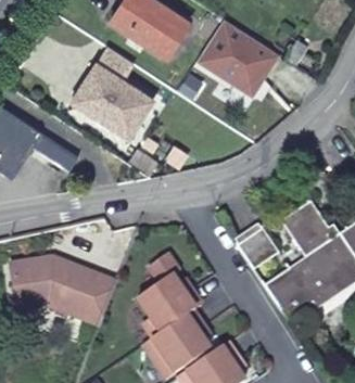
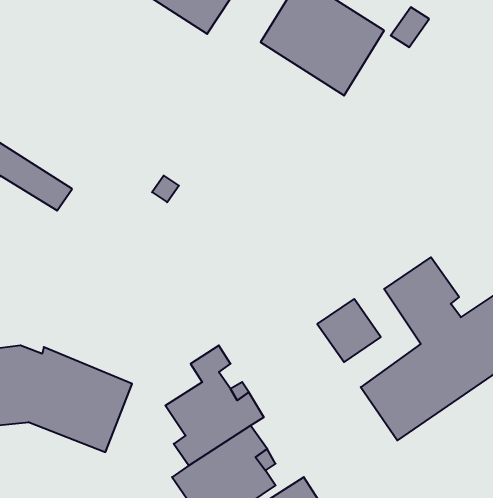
building: [71,66,152,138] -> none

